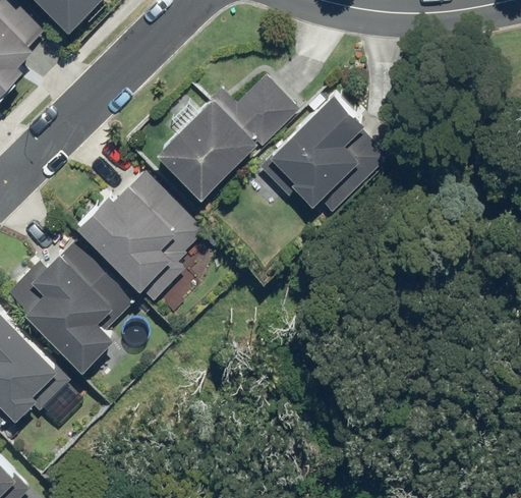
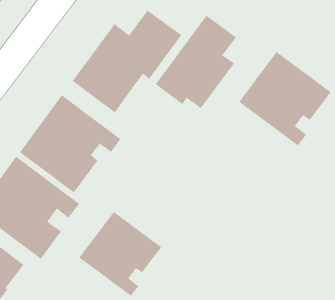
building: none -> [238,51,331,146]
building: none -> [78,211,162,297]

